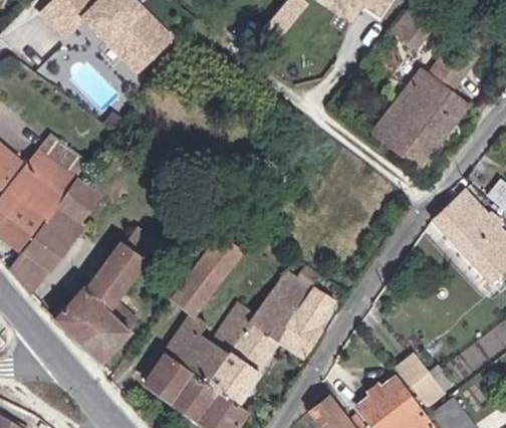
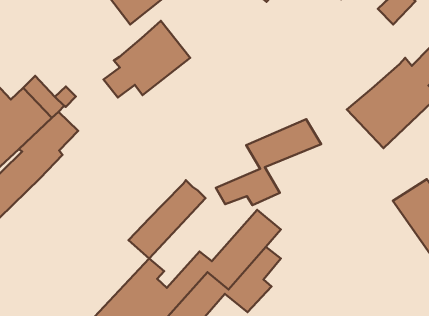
building: none -> [104,21,190,98]
building: none -> [216,119,321,205]
building: [54,226,165,361] -> none

